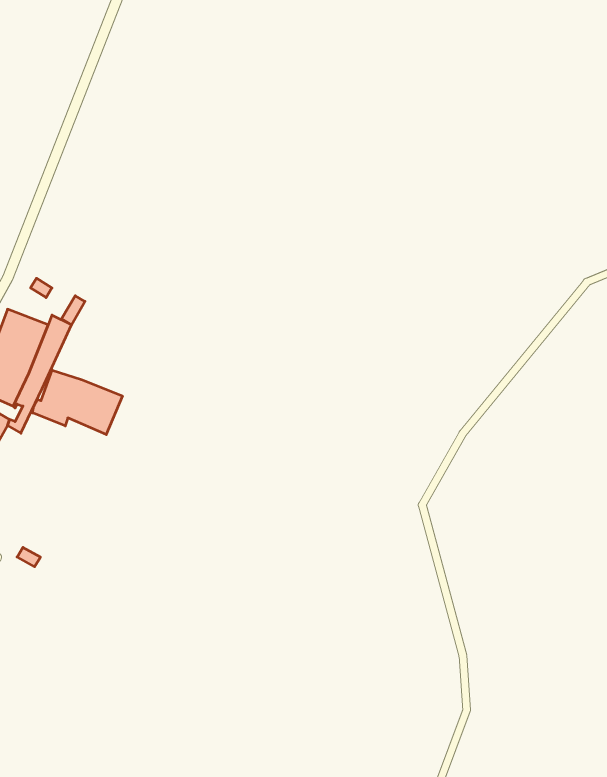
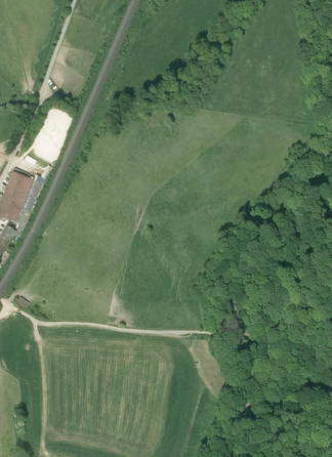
building: [33,370,122,435] -> none

